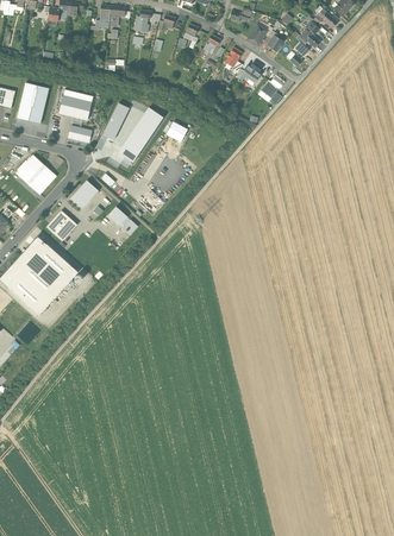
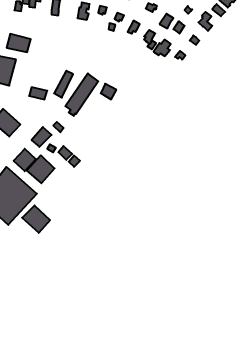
building: [57,95,90,120] -> [7,34,31,52]
building: none -> [27,155,55,183]
building: none -> [22,205,50,233]

